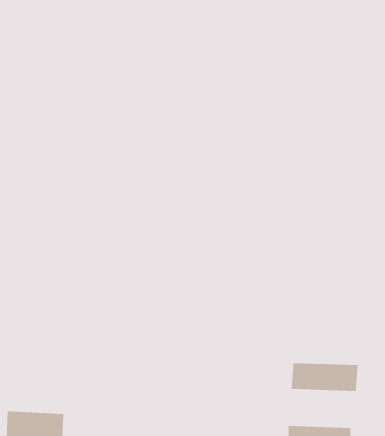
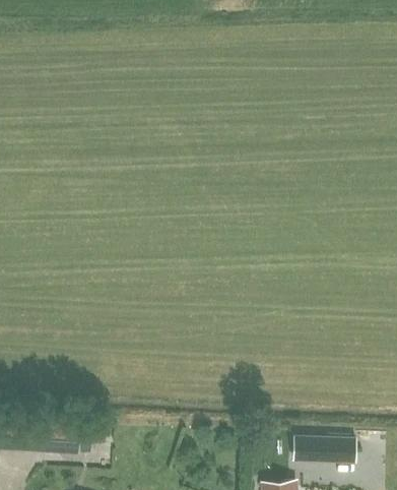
building: [291,362,358,392] -> none

